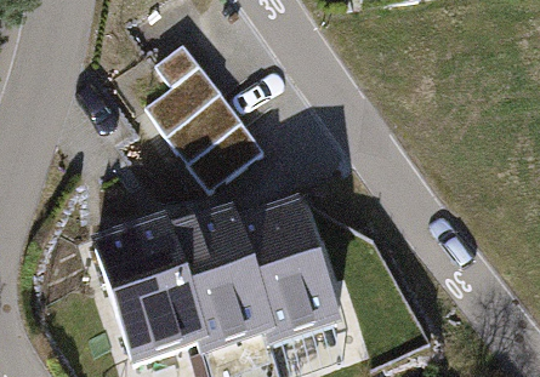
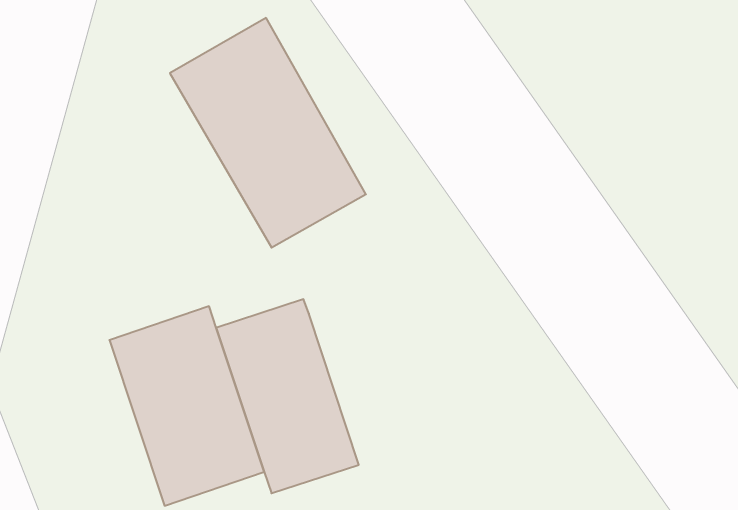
building: [226,212,330,347] -> none

